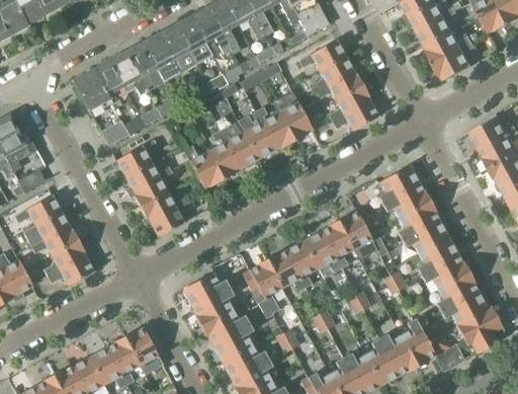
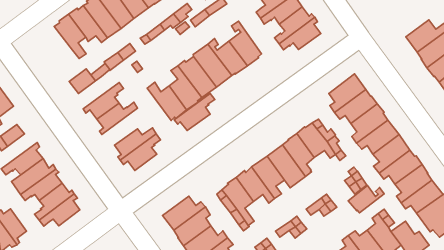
building: [74,69,109,108] -> none
building: [128,169,175,206] -> [174,93,215,130]
building: none -> [348,186,384,213]

